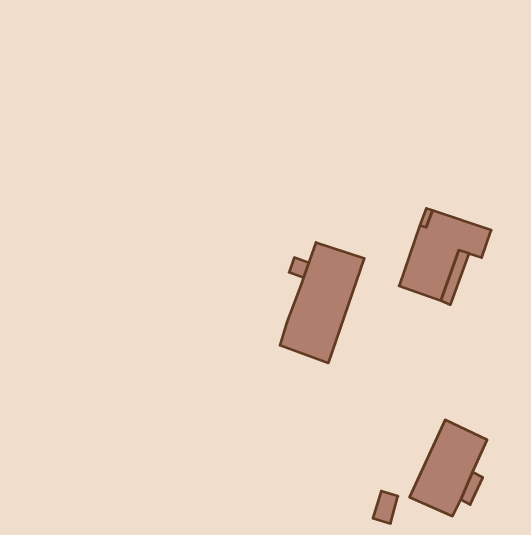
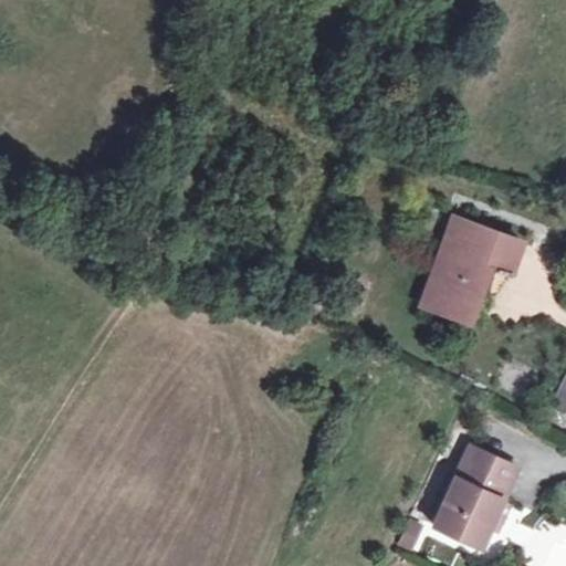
building: [280,242,364,363] -> none

